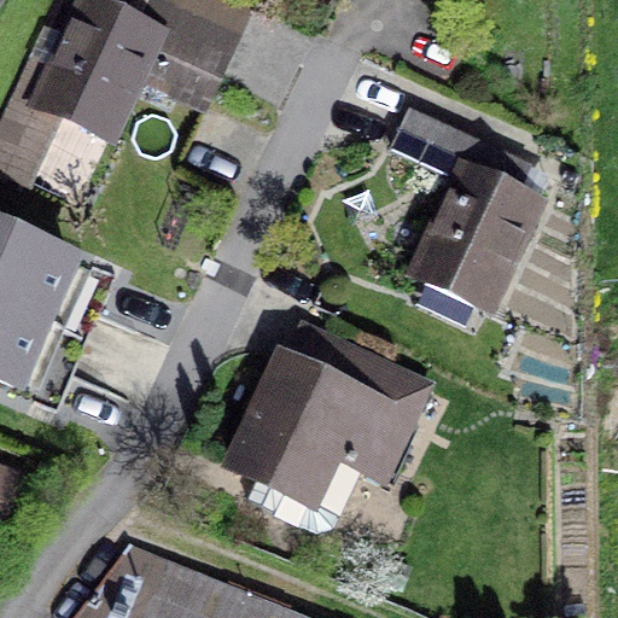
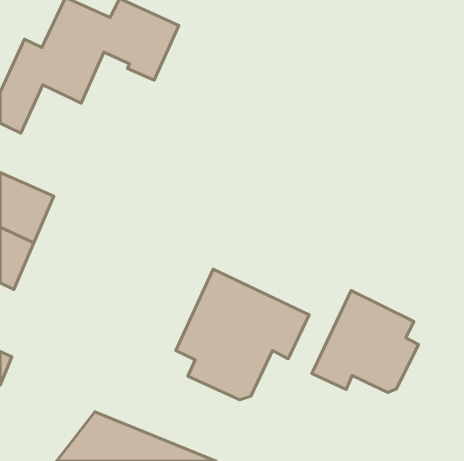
building: [395,109,537,307] -> none
building: none -> [312,290,418,393]

